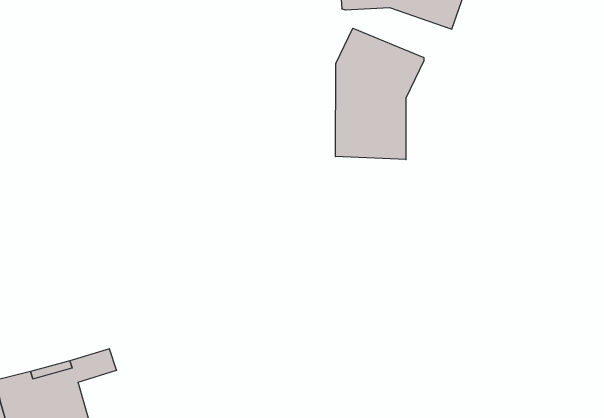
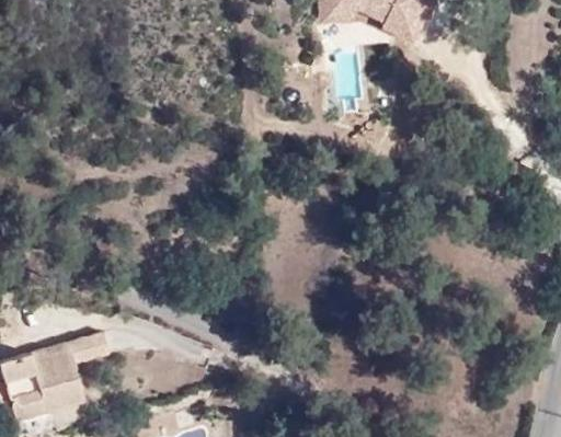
building: [336,28,424,160] -> none

